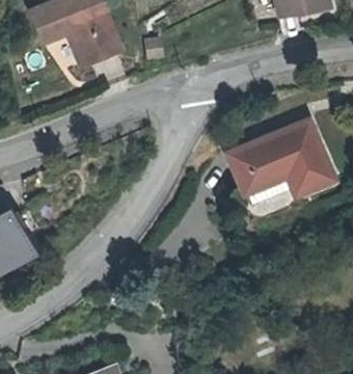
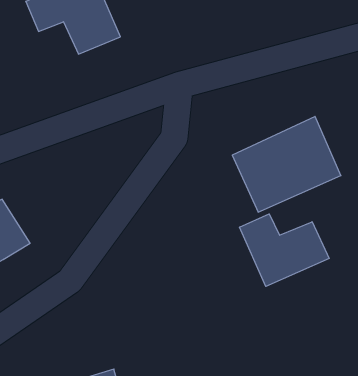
building: none -> [240,214,329,286]

